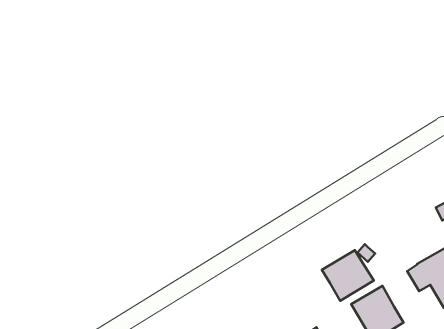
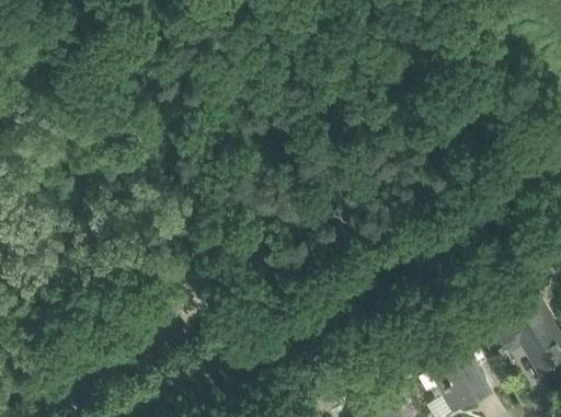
building: [322,250,374,301] -> none

